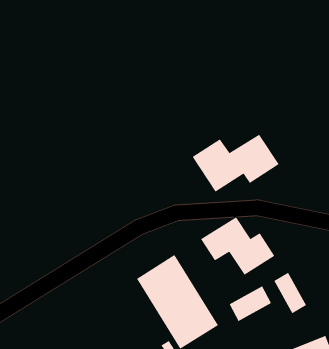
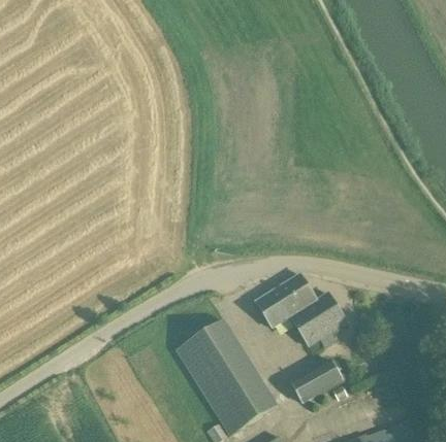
building: [192,134,280,192] -> none
building: [274,272,307,314] -> none

